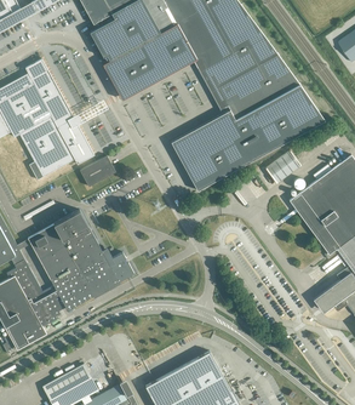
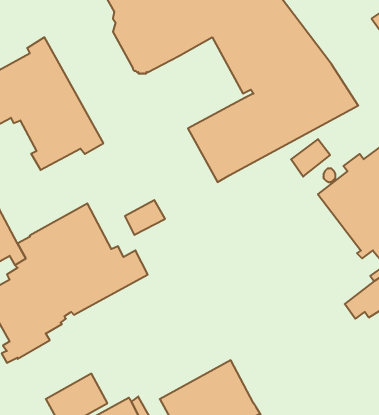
building: [80,155,116,187] -> [125,200,165,235]

